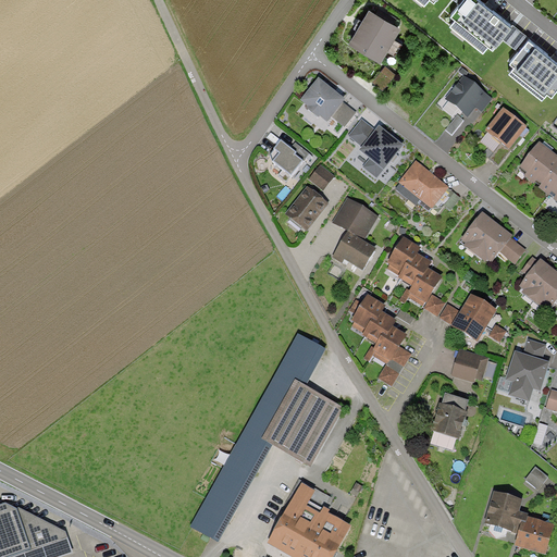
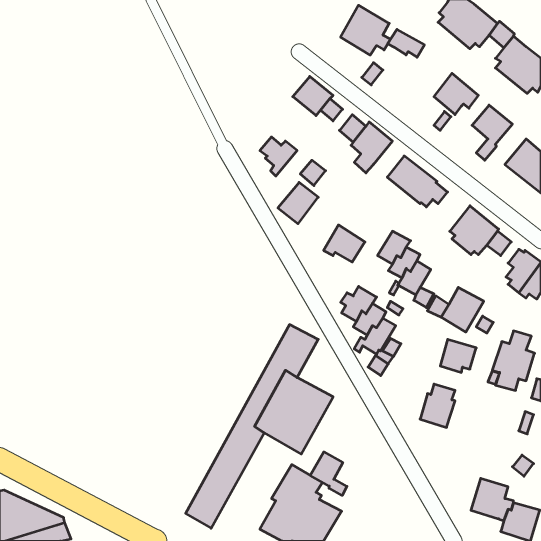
building: none -> [388,29,424,57]
building: [333,197,379,239] -> none
building: none -> [310,452,347,495]

